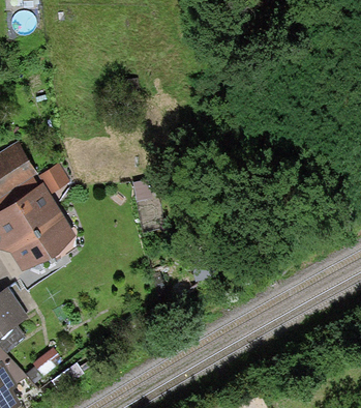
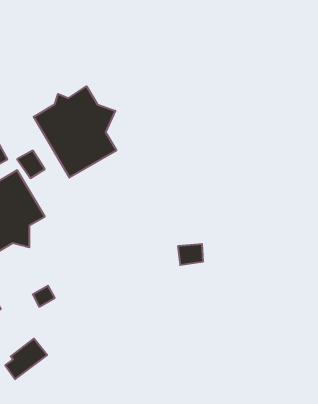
building: none -> [34,86,116,178]

